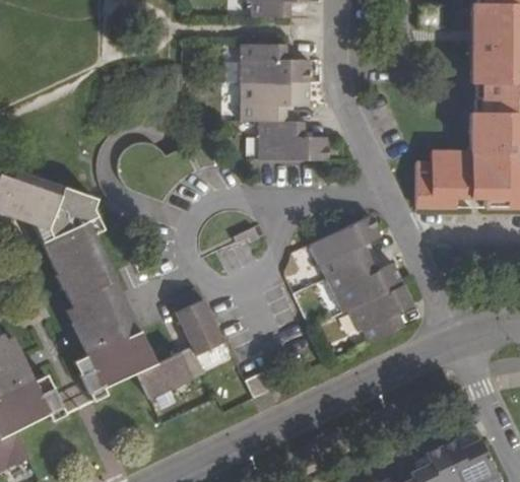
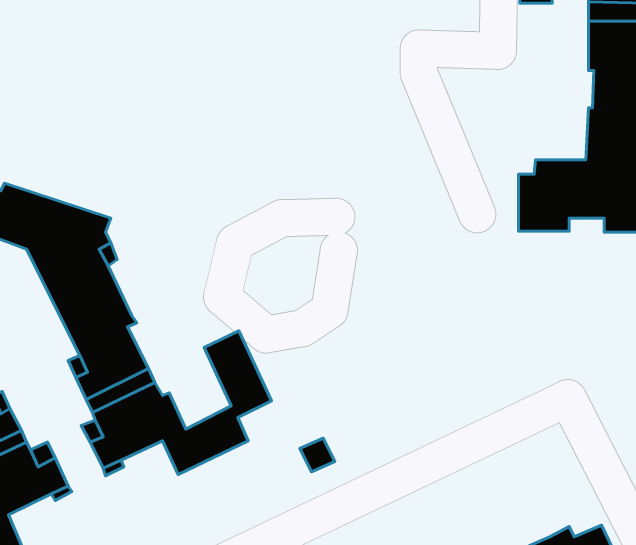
building: [239,44,324,160] -> none
building: [309,216,411,343] -> none

